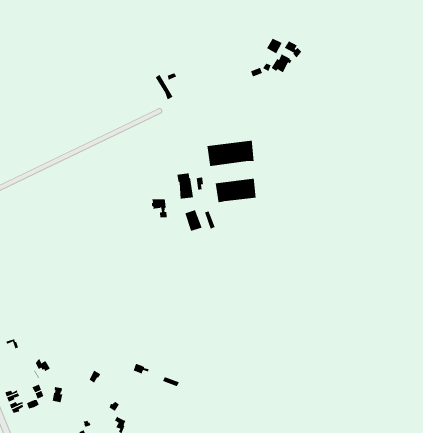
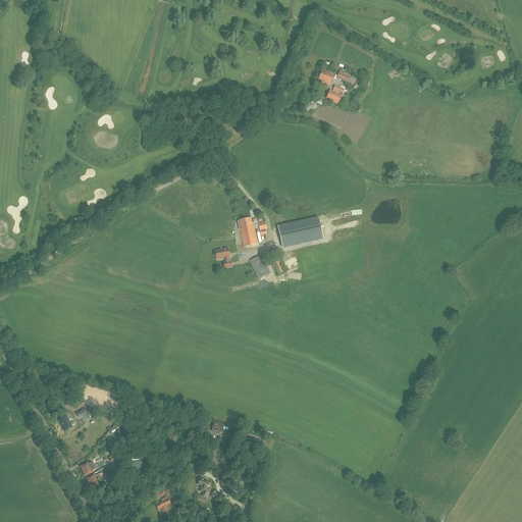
building: [207,140,254,167] -> none

